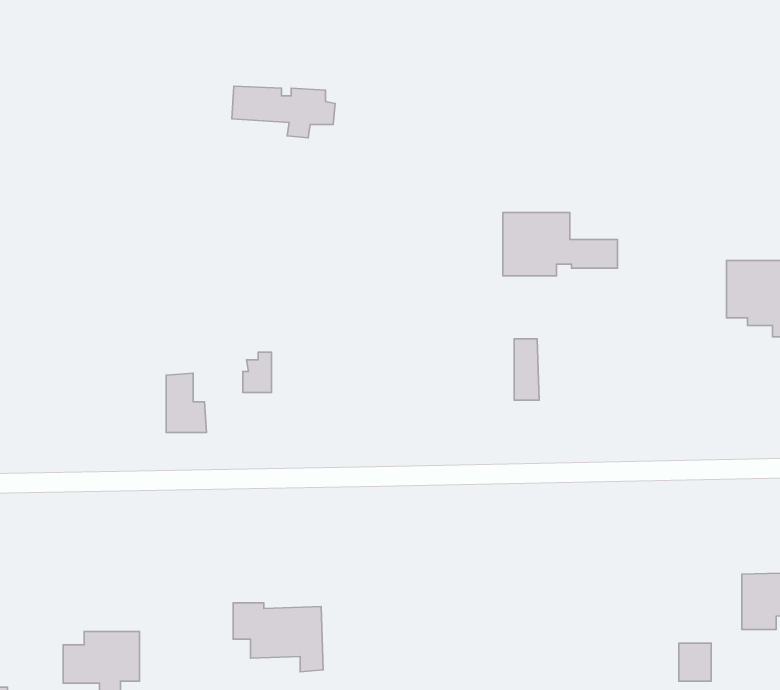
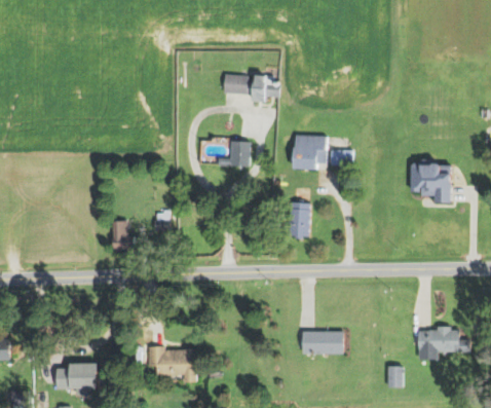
building: [232,86,335,138] -> [221,75,276,103]
building: none -> [217,143,248,168]
building: none -> [305,331,345,355]

